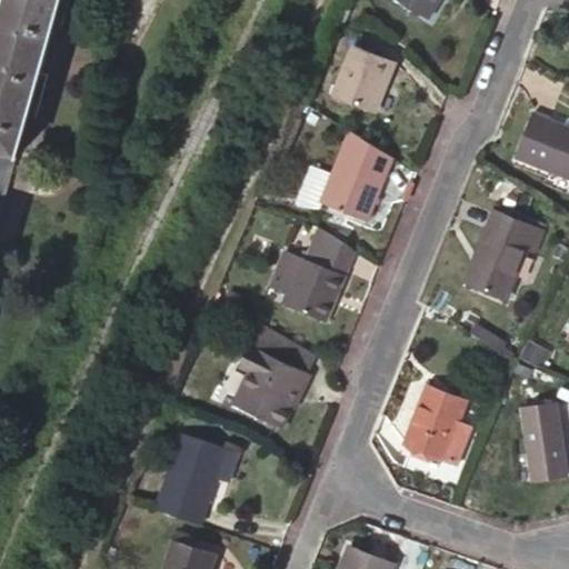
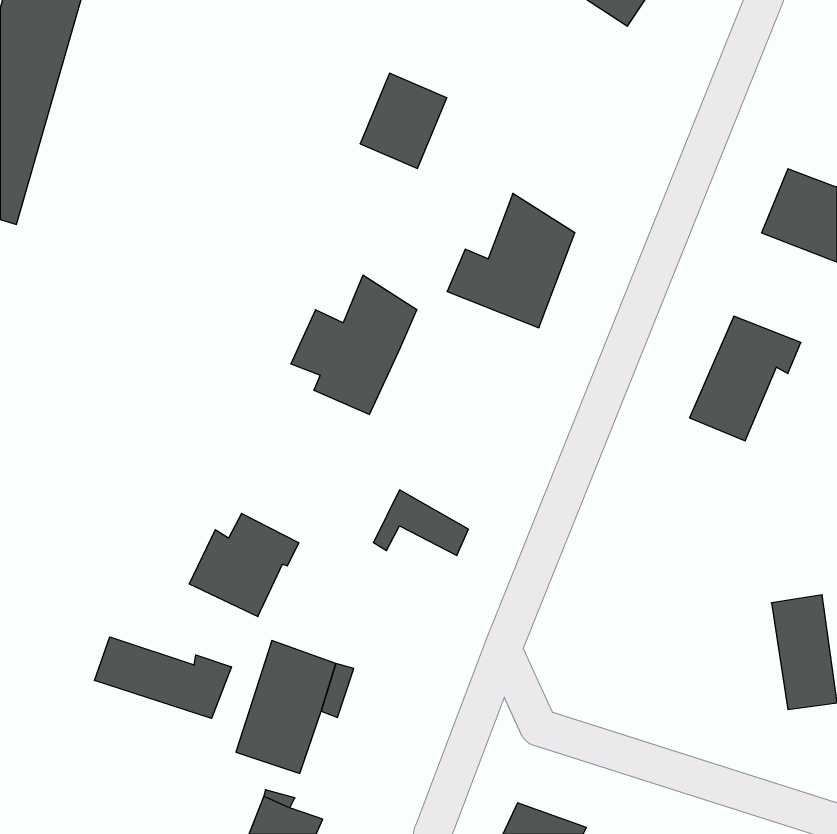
building: [333,48,392,112] -> [360,73,447,168]
building: [269,227,355,321] -> [291,275,417,415]
building: [236,357,310,427] -> [189,513,299,617]
building: [408,390,470,463] -> none
building: none -> [94,637,231,718]

